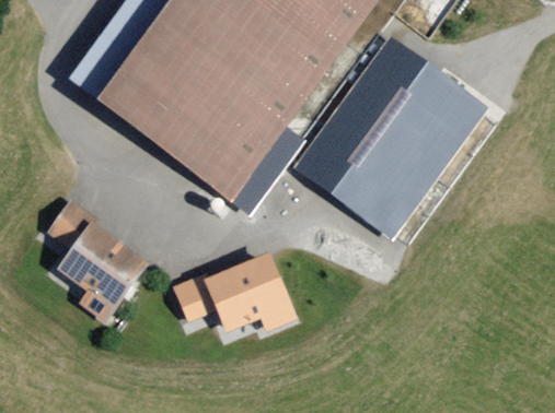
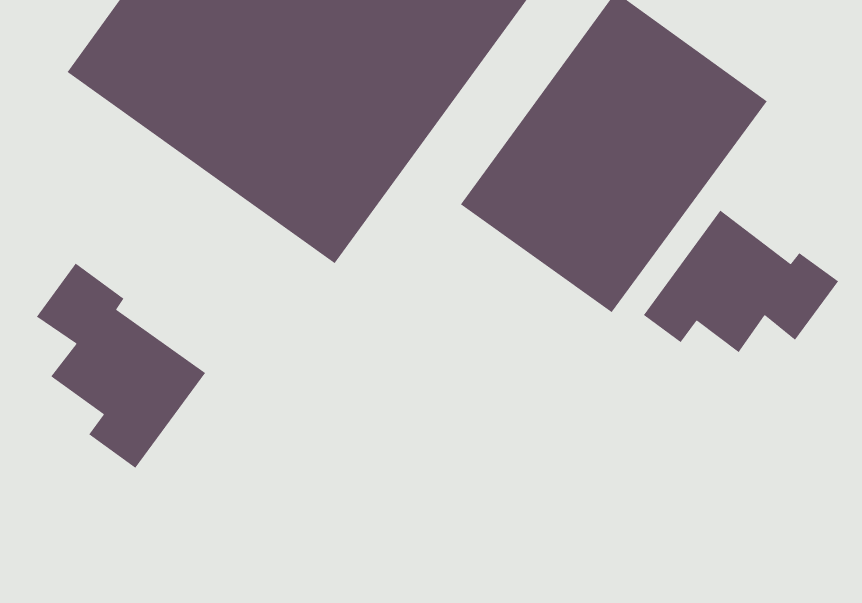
building: none -> [643,210,839,353]
building: [187,253,299,324] -> none

